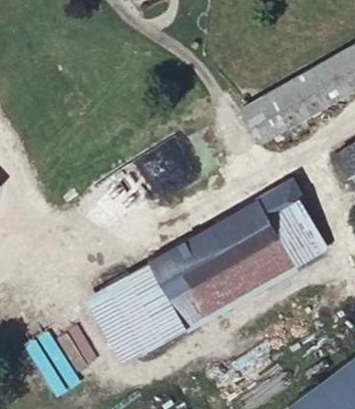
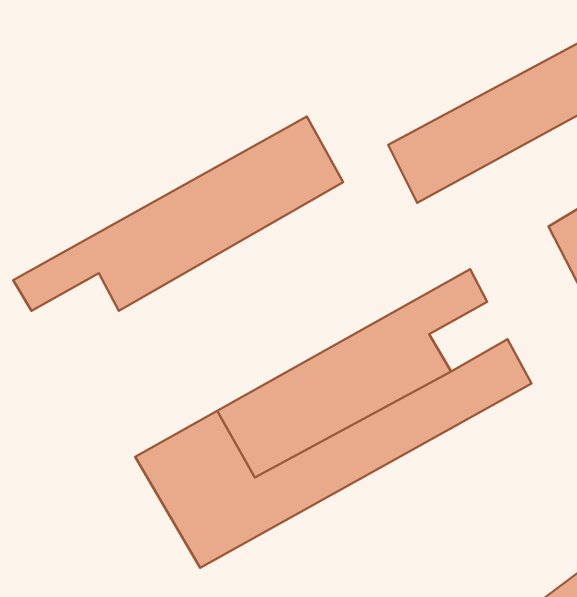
building: none -> [13,117,343,311]
building: [268,200,314,242] -> none

